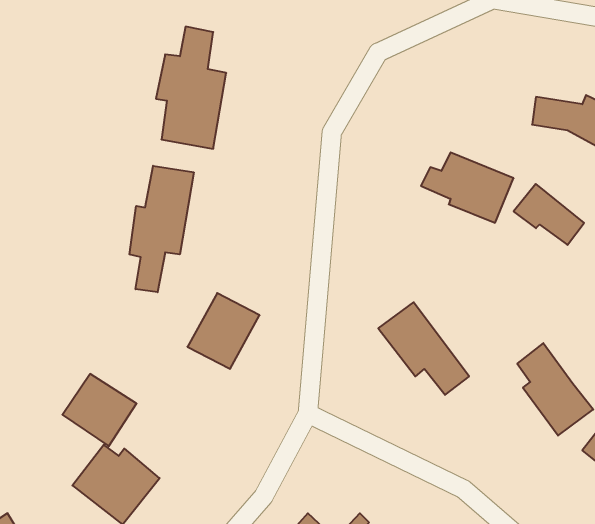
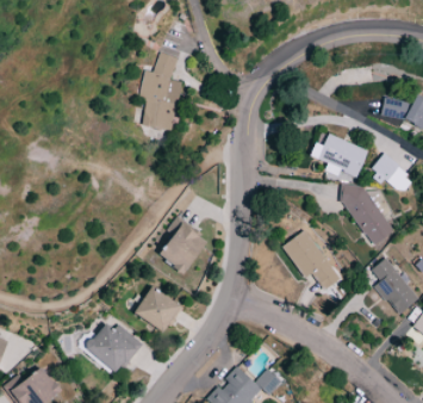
building: [129,166,194,292] -> none
building: none -> [341,180,396,247]
building: [62,374,137,446] -> [135,286,182,333]

